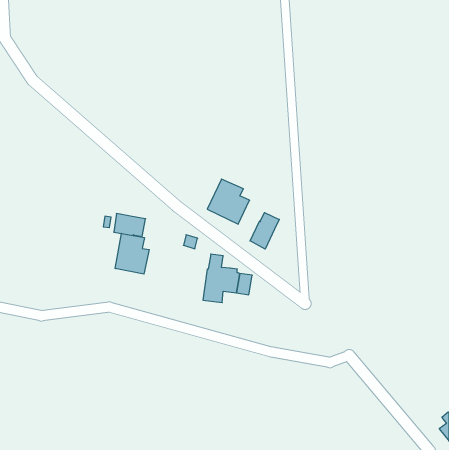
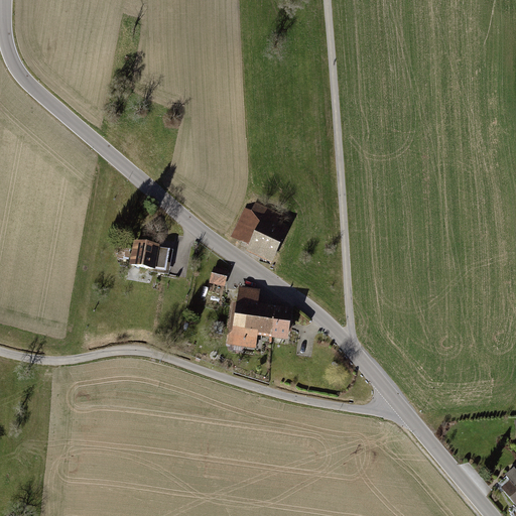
building: [250,213,279,249] -> none
building: [115,233,149,274] -> none

